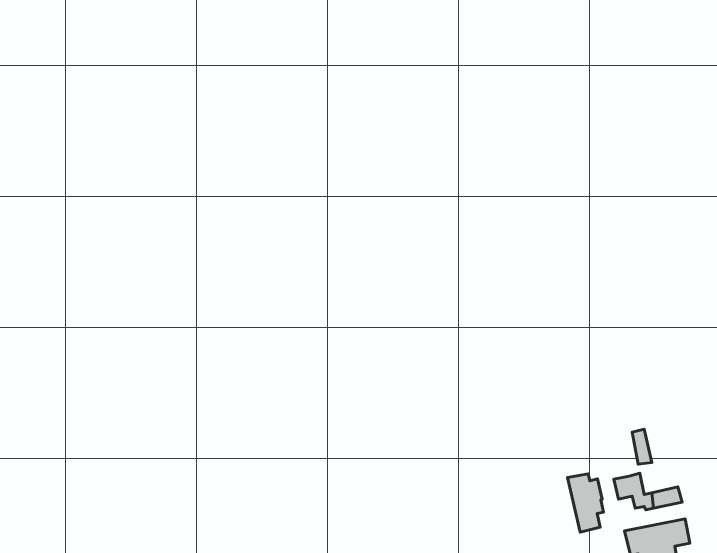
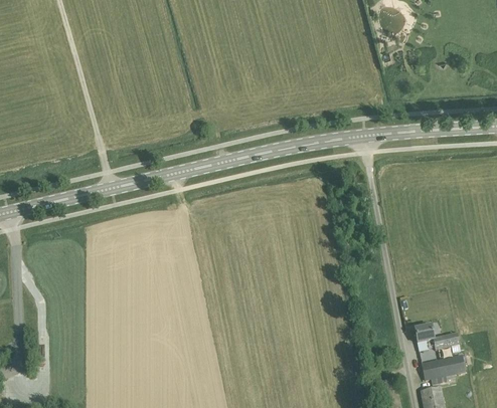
building: [568,474,604,532] -> none

